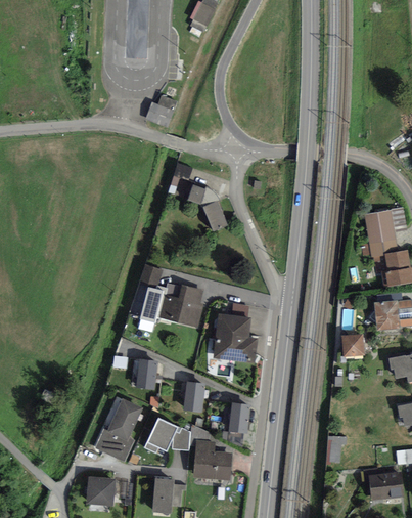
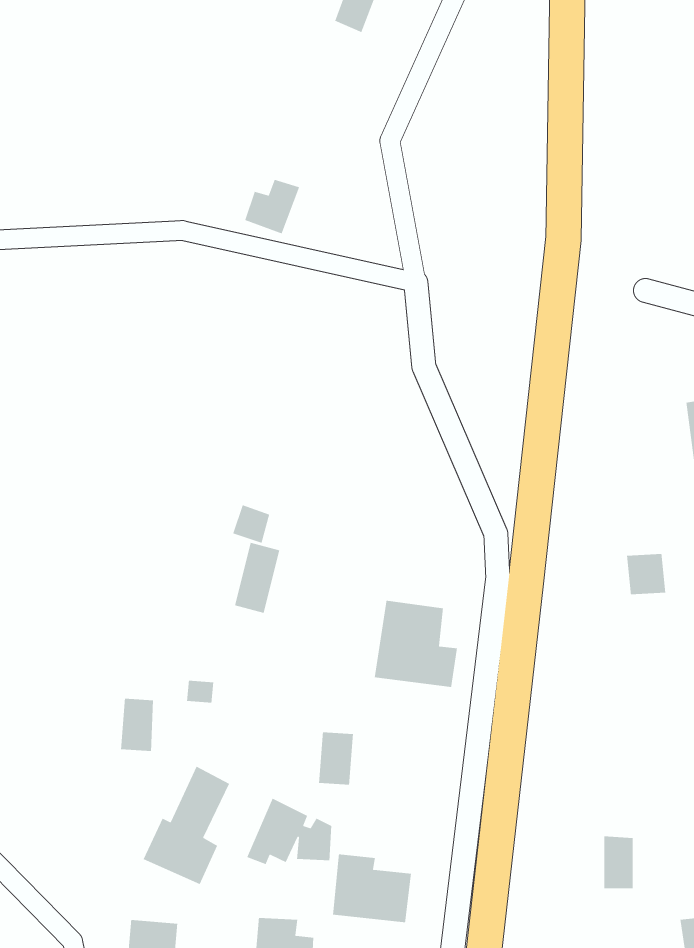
building: [177,176,228,229] -> none
building: [159,287,199,325] -> none
building: [344,333,364,354] -> [626,553,666,595]
building: [135,359,152,387] -> [120,698,154,752]
building: [228,403,246,431] -> none

